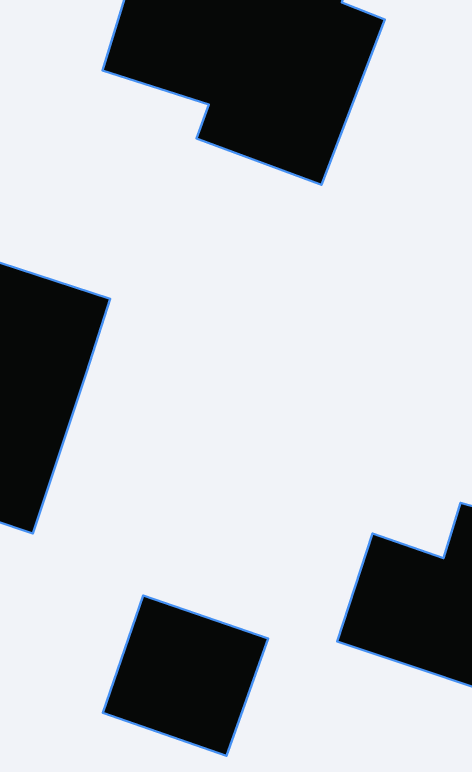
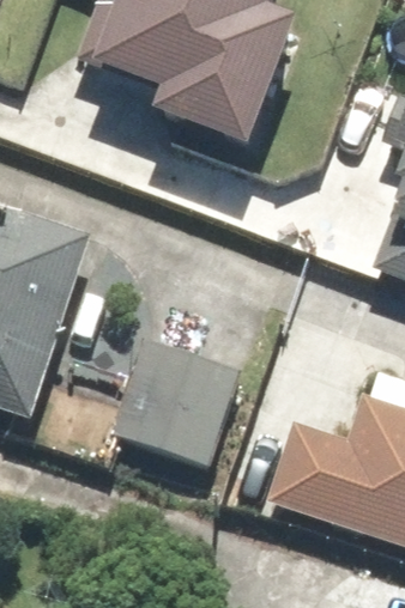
building: [103,595,268,756] -> [113,339,241,463]

